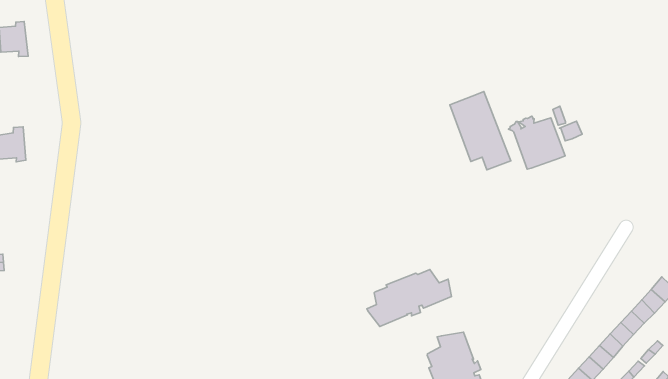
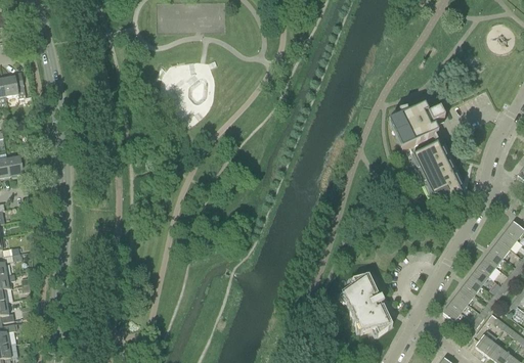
building: [450,91,511,170] -> [411,144,461,202]
building: [367,270,451,326] -> none

